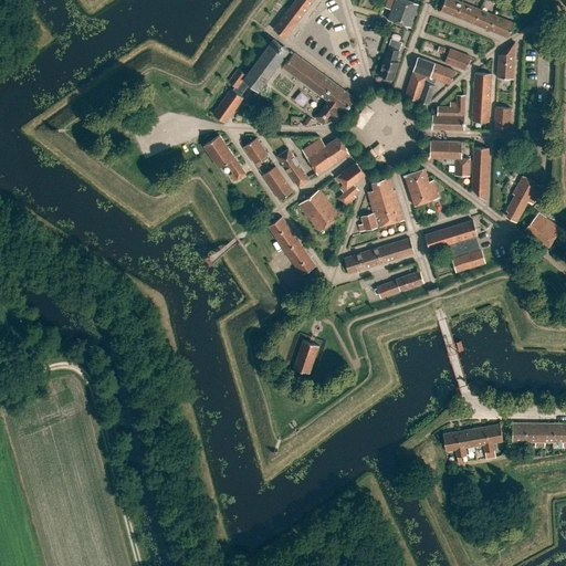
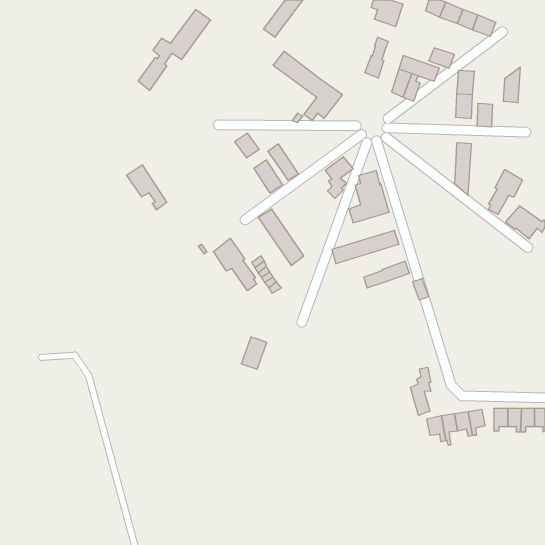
building: [213,40,289,124] -> [138,10,211,91]
building: [497,43,515,80] -> [503,67,520,102]
building: [432,95,465,130] -> none
building: [203,135,245,181] -> [126,165,167,210]
building: [302,137,349,175] -> none
building: [430,142,470,176] -> none
building: [405,169,439,206] -> none
building: [298,190,340,232] -> none
building: [423,221,484,273] -> none
building: none -> [213,238,257,291]
building: [293,340,319,374] -> [241,337,267,369]
building: none -> [410,367,431,416]

